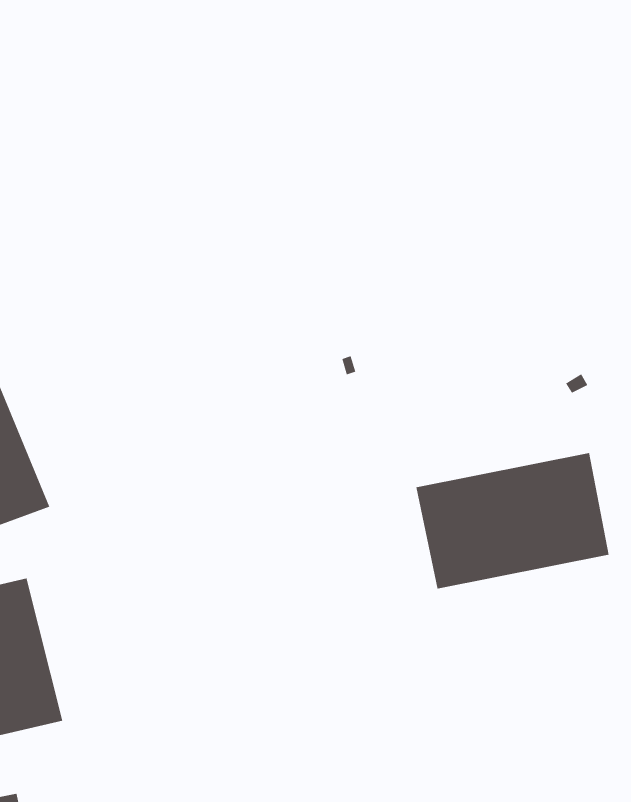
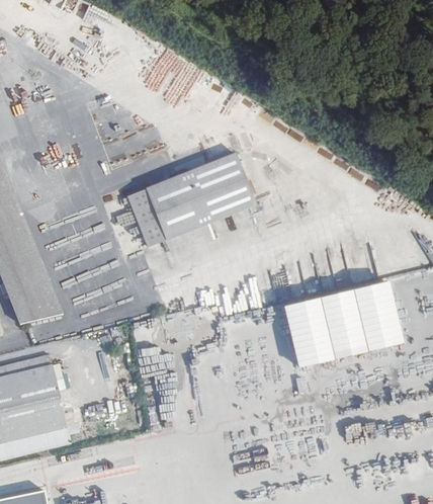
building: none -> [124,155,253,250]

